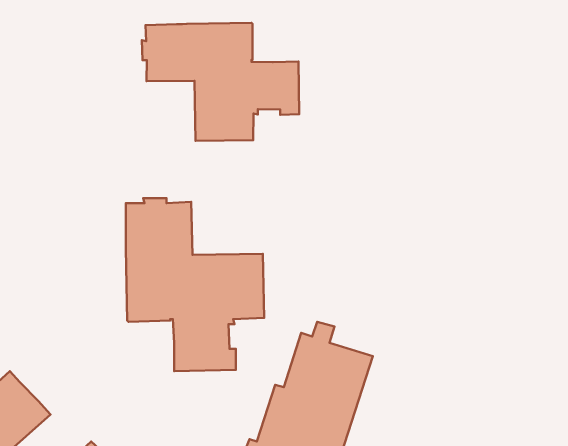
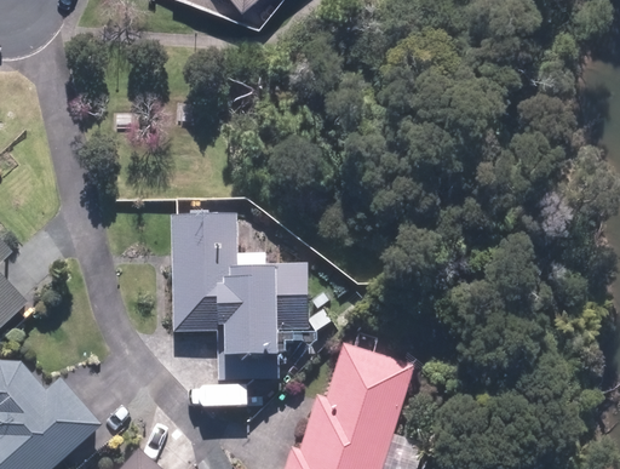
building: [142,23,299,141] -> none

